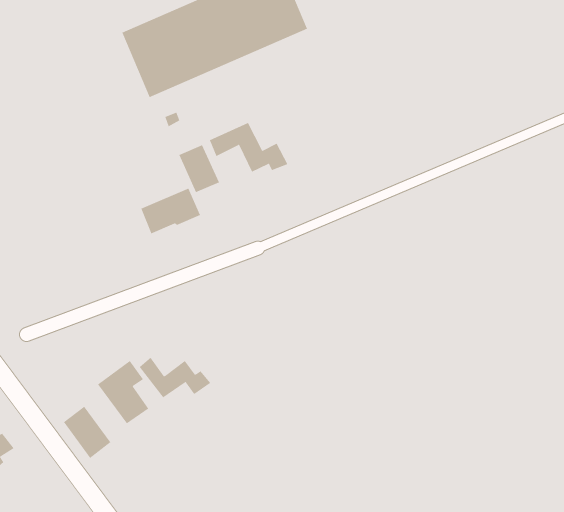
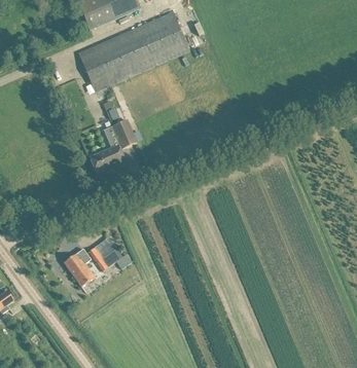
building: [209,122,288,173] -> none
building: [63,406,111,459] -> none

